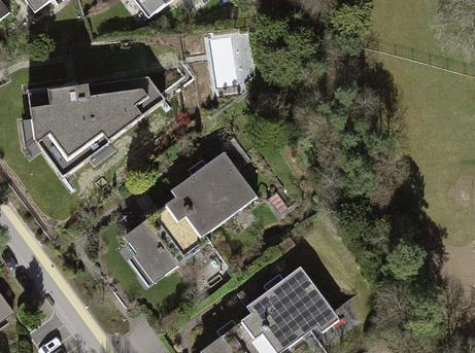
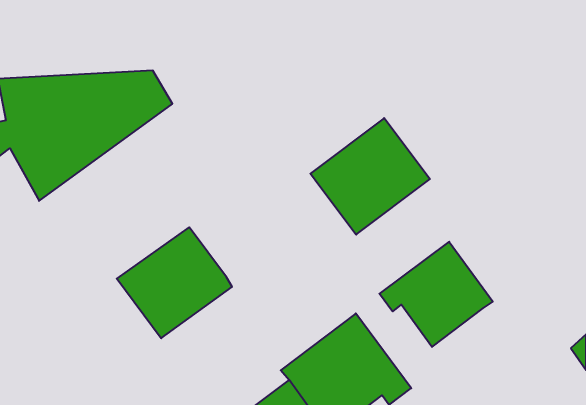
building: [169,150,258,237] -> [310,118,430,235]
building: none -> [379,242,493,347]

